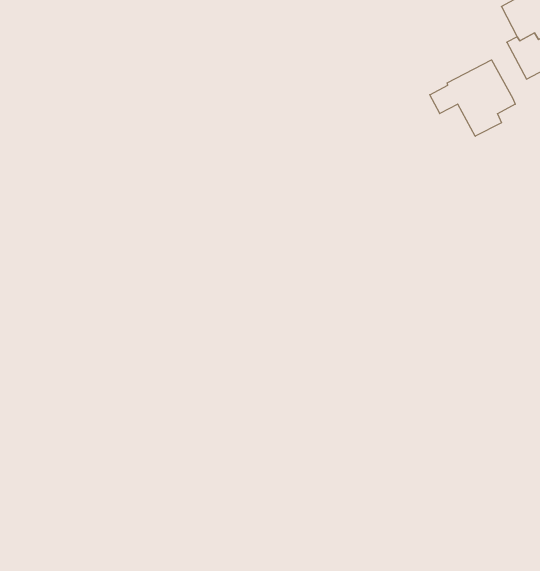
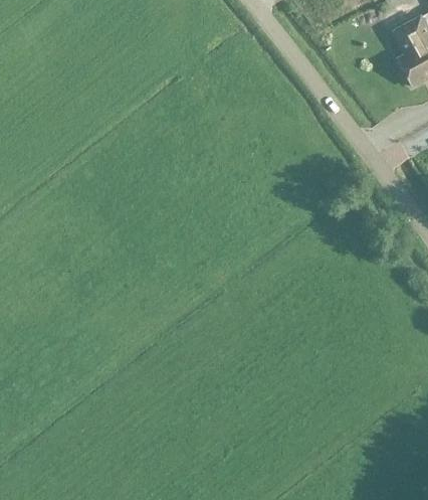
building: [430,60,515,136] -> none

